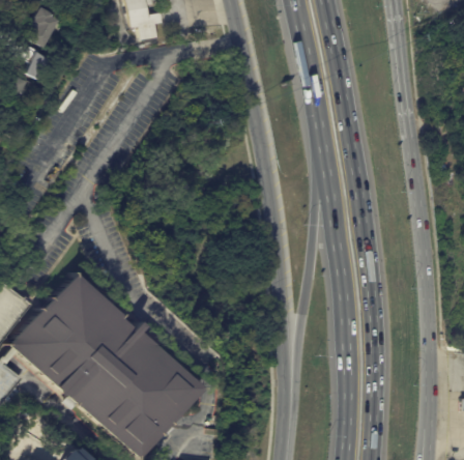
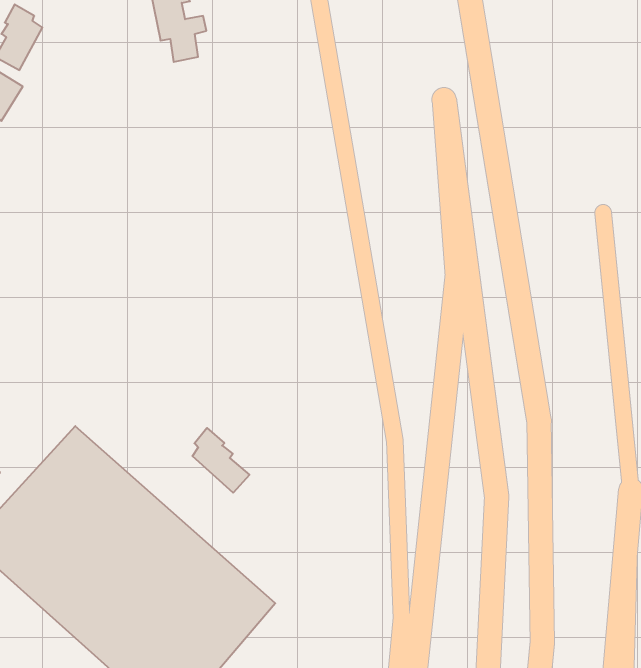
building: none -> [192,428,249,493]

